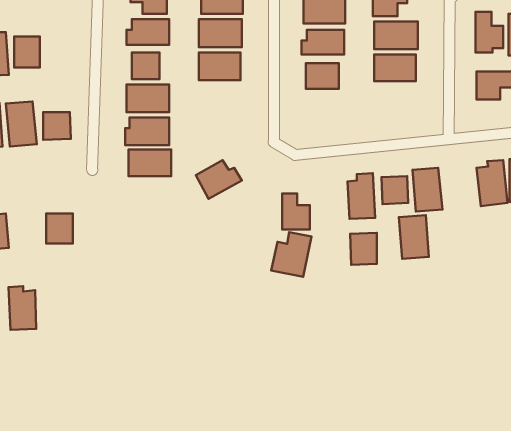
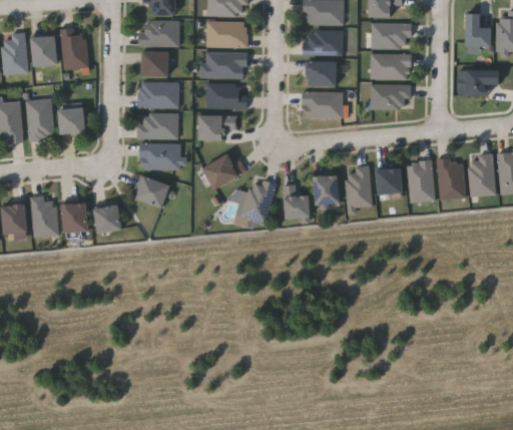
building: none -> [61,28,87,68]
building: none -> [206,83,247,108]
building: none -> [370,84,410,108]
building: none -> [303,91,342,118]
building: none -> [199,115,236,139]
building: none -> [137,176,171,207]
building: [399,215,429,259] -> [437,158,465,199]
building: none -> [95,206,121,233]
building: [271,232,312,277] -> [235,180,274,223]
building: [350,233,377,265] -> [315,175,340,205]
building: [8,286,36,330] -> [31,195,57,237]

